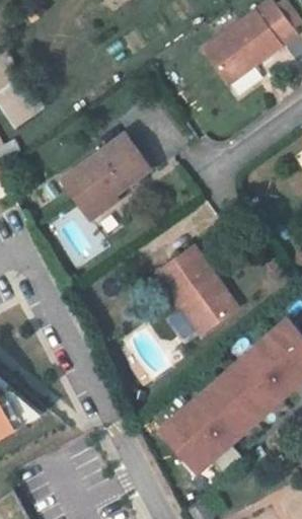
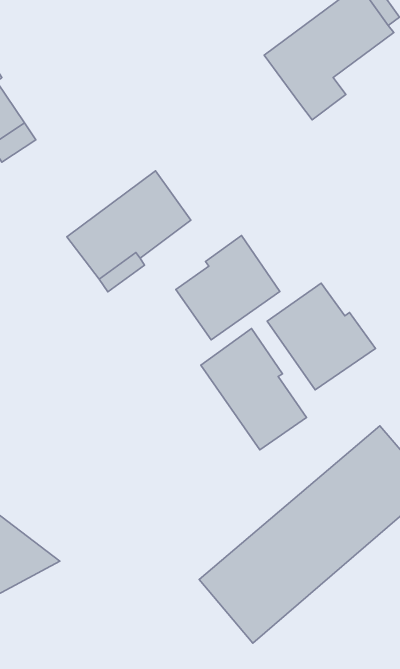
building: none -> [176,236,280,340]
building: none -> [267,283,375,390]

